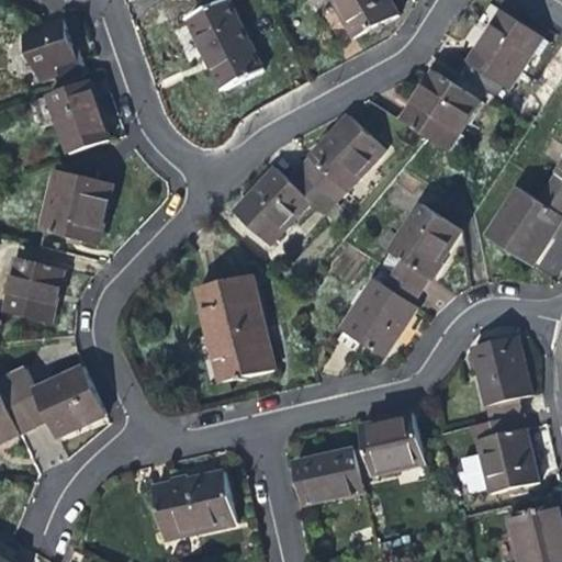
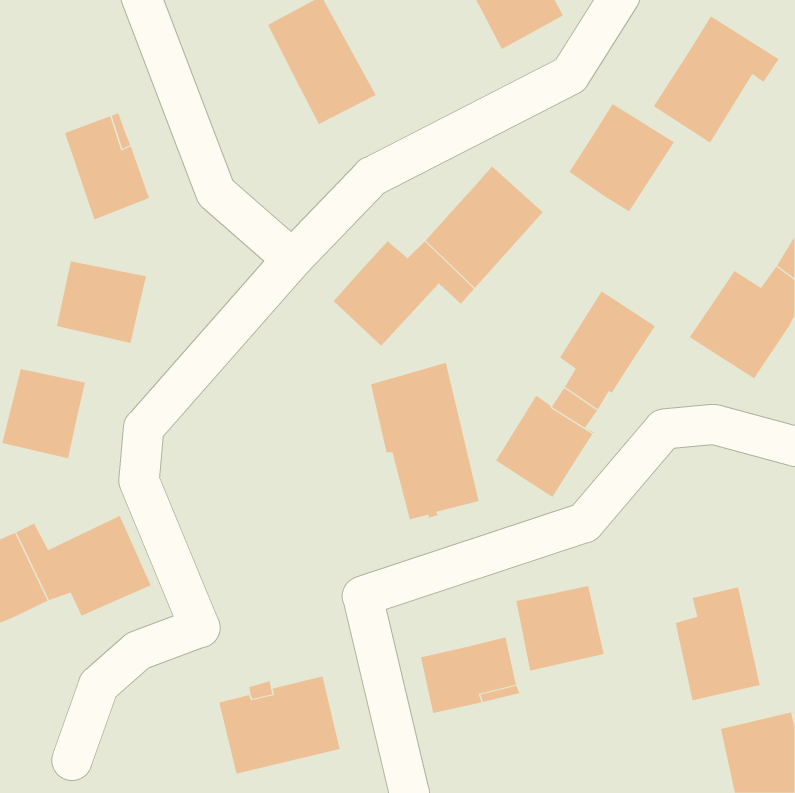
building: [20,13,85,83] -> none
building: [199,271,276,382] -> [370,362,479,520]
building: [471,335,528,420] -> none

